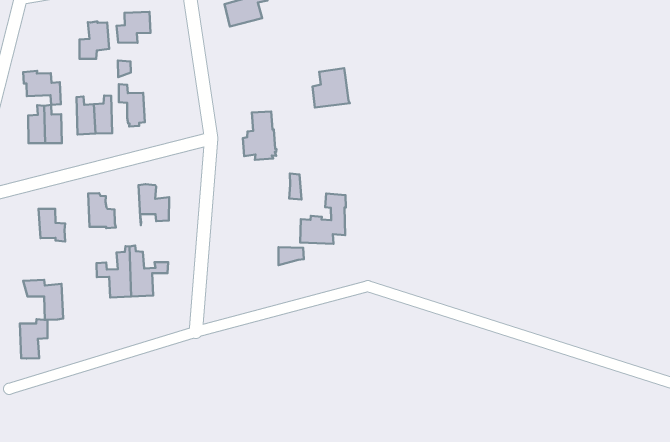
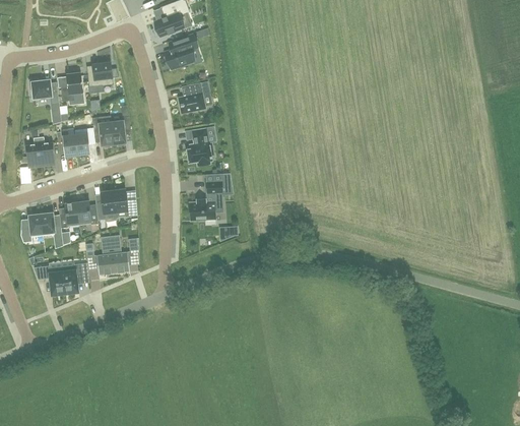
building: [312,68,350,107] -> [178,82,206,113]
building: [23,71,61,105] -> [29,78,59,103]
building: none -> [111,116,131,145]
building: none -> [95,190,116,220]
building: none -> [60,199,79,228]
building: [300,194,346,244] -> [190,182,223,220]
building: none -> [20,212,44,242]
building: [20,319,48,359] -> [62,263,83,293]

